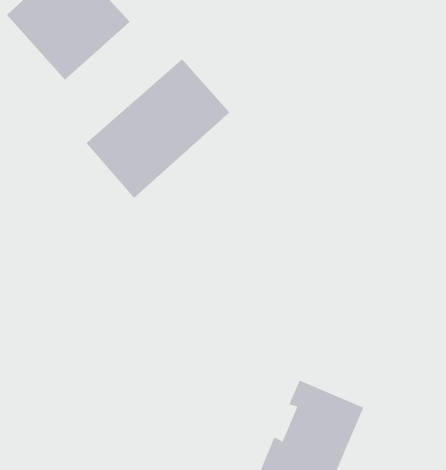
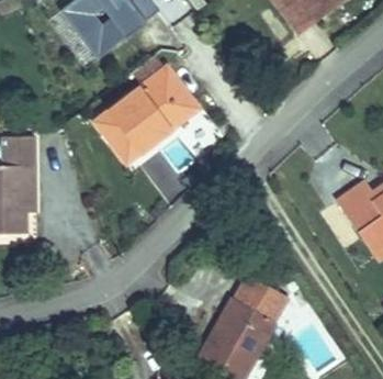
building: none -> [237,270,294,317]

